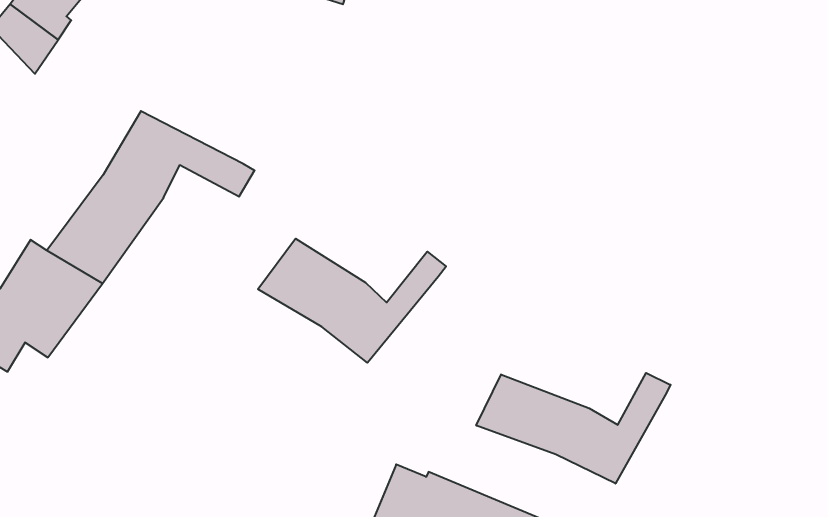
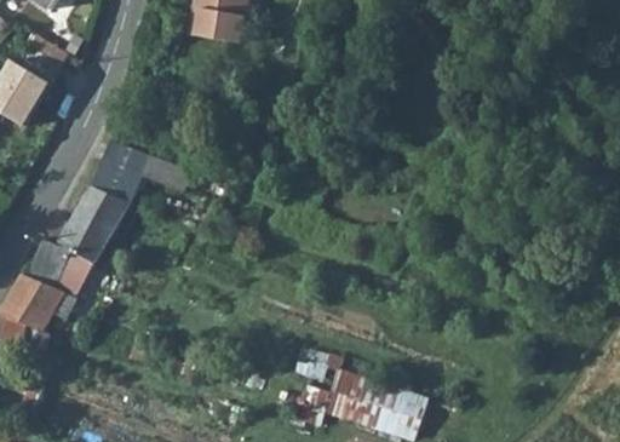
building: [258,239,446,363] -> none
building: [476,373,671,484] -> none

